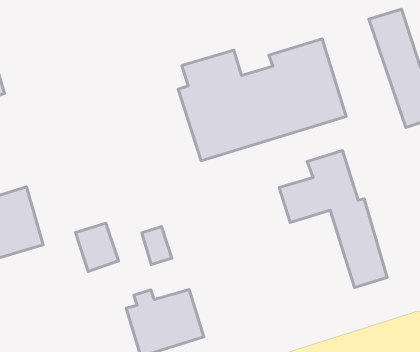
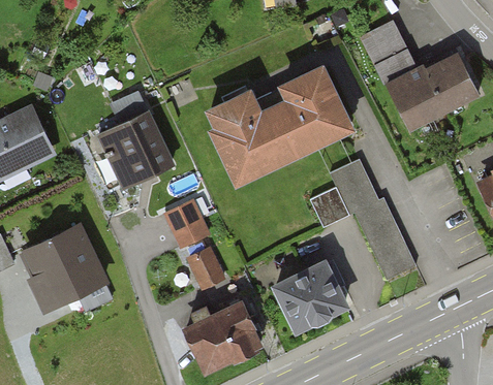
building: none -> [104,94,173,185]
building: [75,223,119,271] -> [165,202,208,248]
building: none -> [276,258,351,331]

